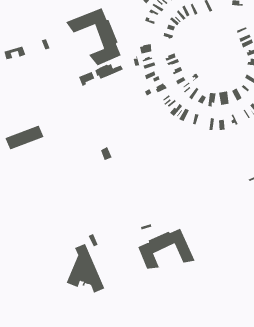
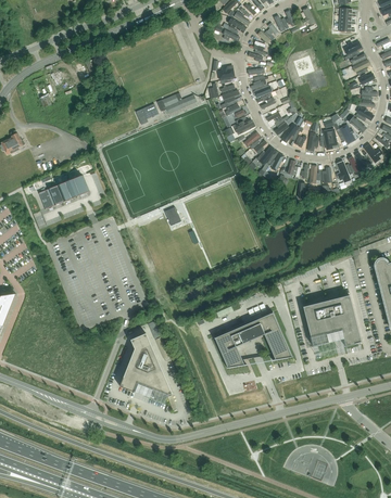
building: [65,6,122,66] -> none
building: none -> [302,295,361,347]

